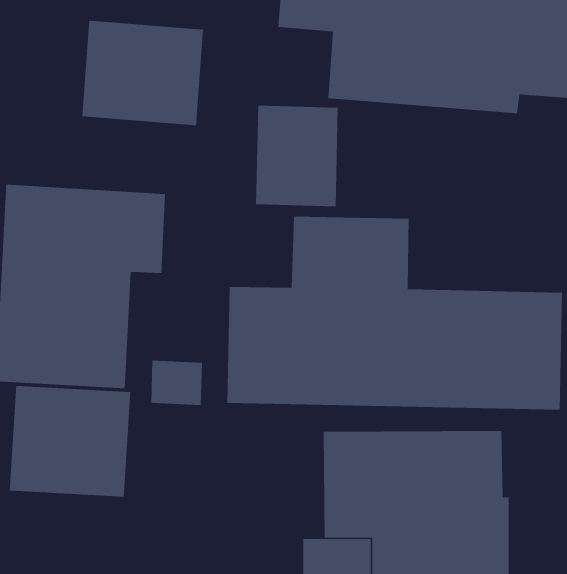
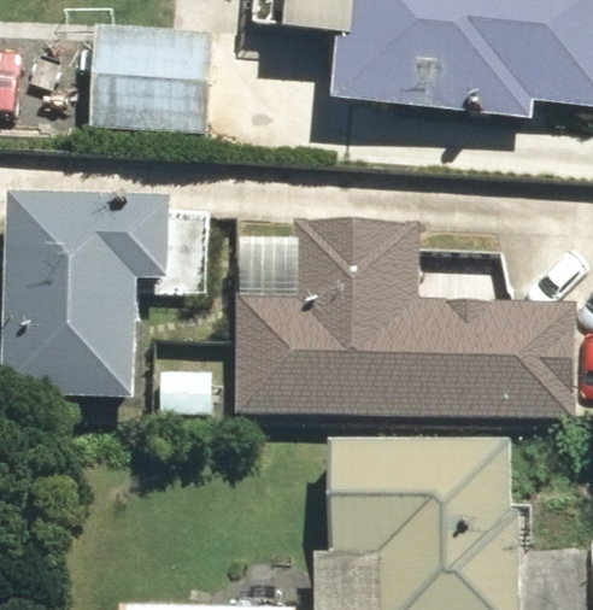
building: [256,105,338,207] -> none
building: [9,385,131,497] -> none

